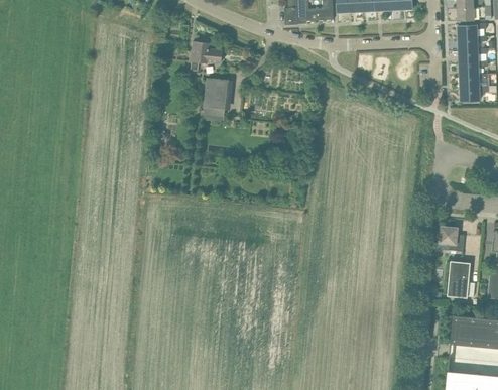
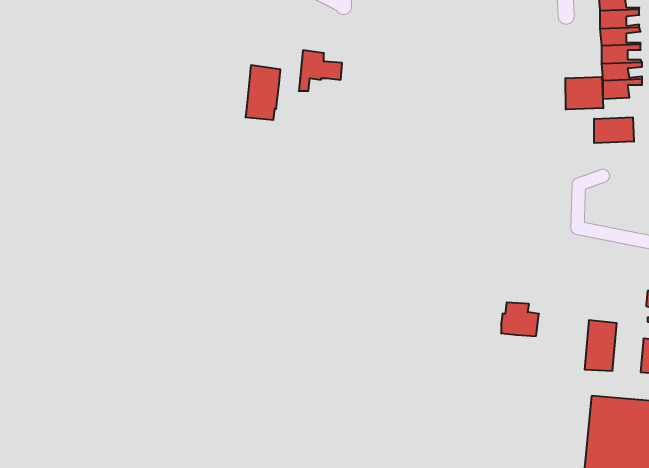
building: [190,41,221,71] -> [299,50,342,91]
building: none -> [566,77,603,110]
building: none -> [594,117,634,143]
building: [437,227,464,251] -> [501,302,539,336]

